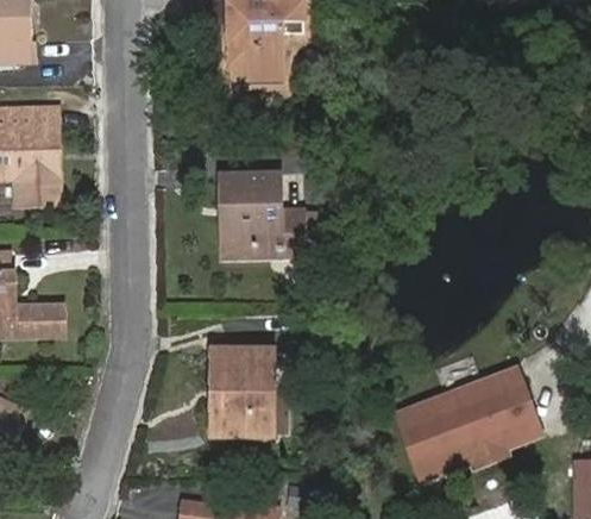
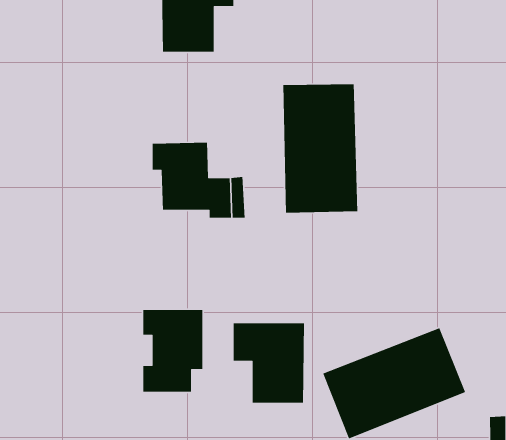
building: none -> [283,84,358,213]
building: none -> [233,323,305,404]

